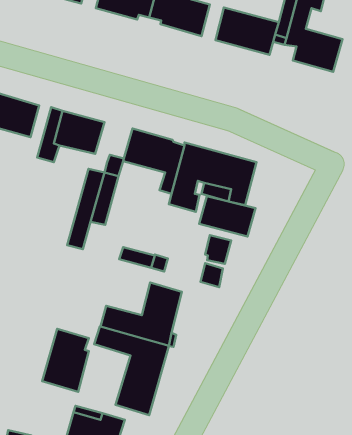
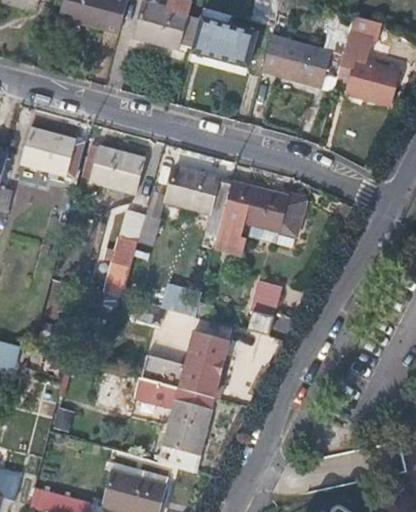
building: [199,196,256,236] -> none
building: [42,329,89,392] -> none

